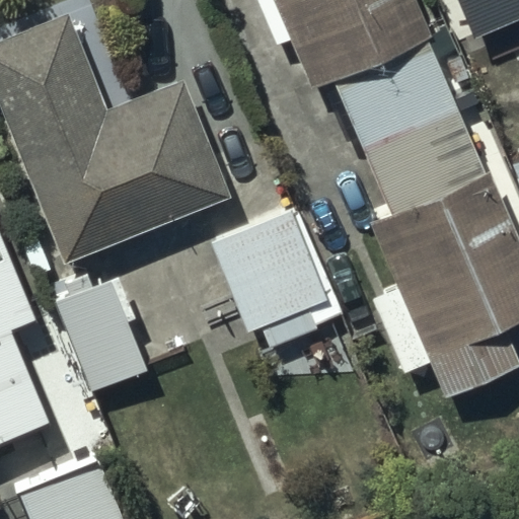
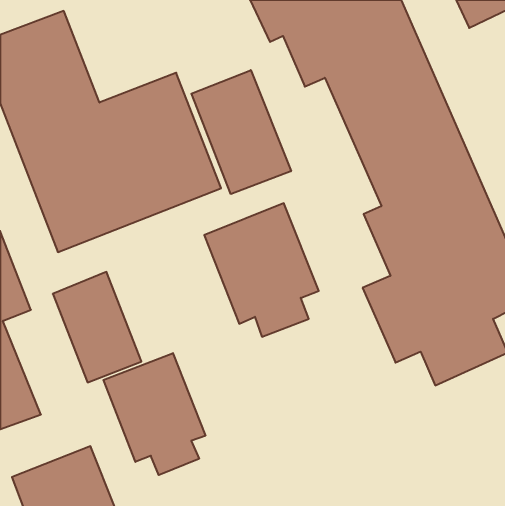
building: none -> [191,70,291,194]
building: none -> [103,353,205,475]

